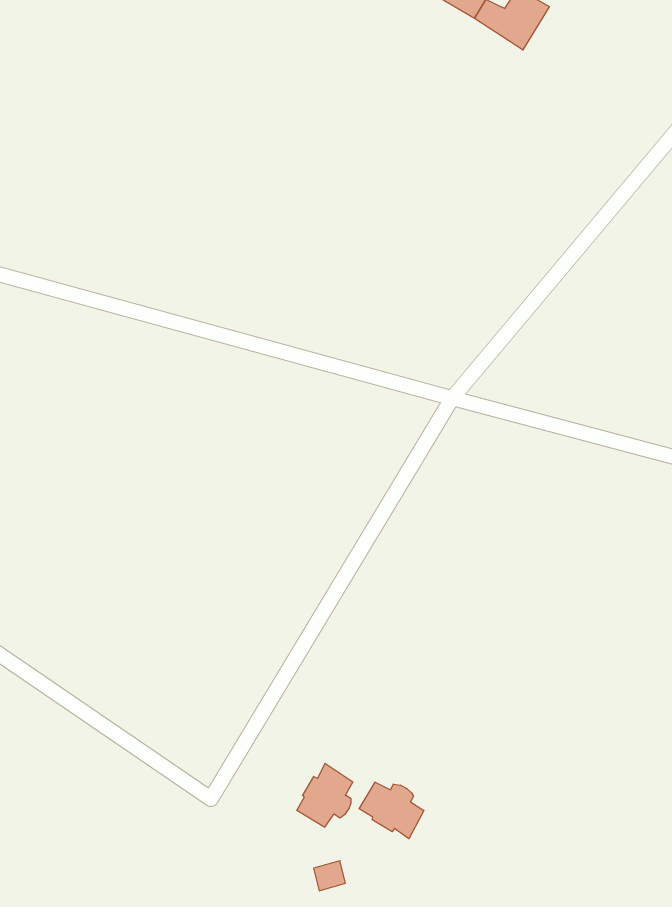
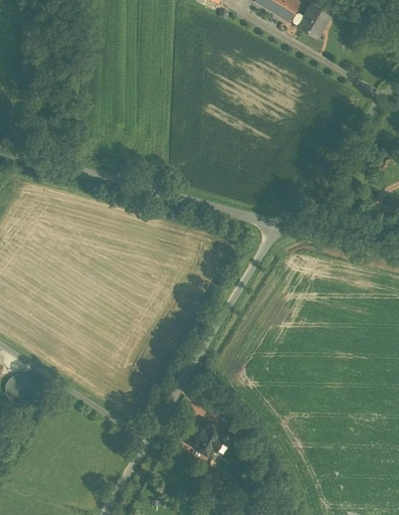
building: [359,782,424,839] -> none

